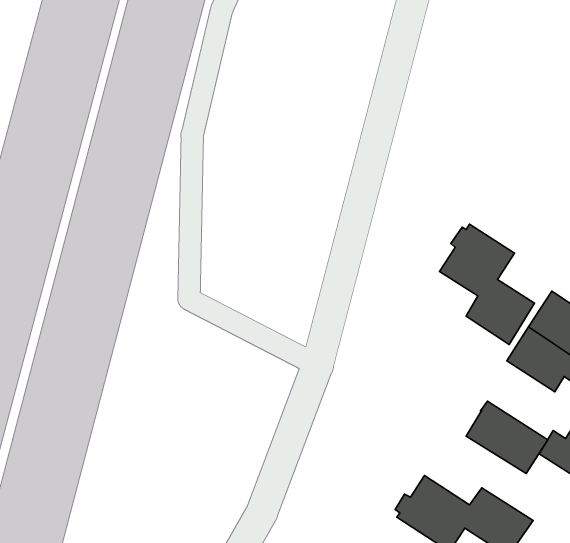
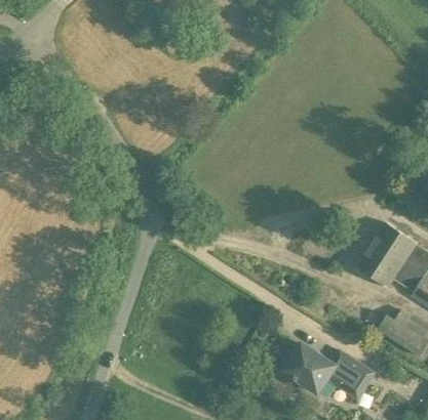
building: [439,224,534,344] -> none
building: [466,401,548,473] -> none

